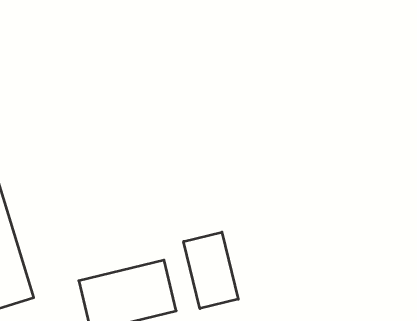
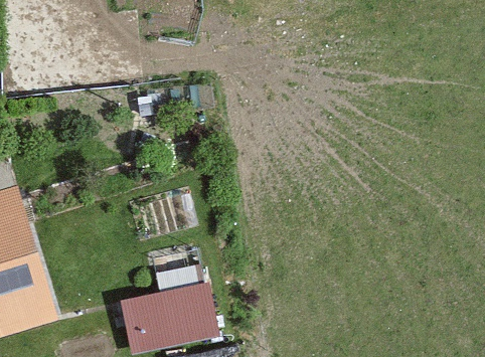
building: [184,232,238,309] -> none

